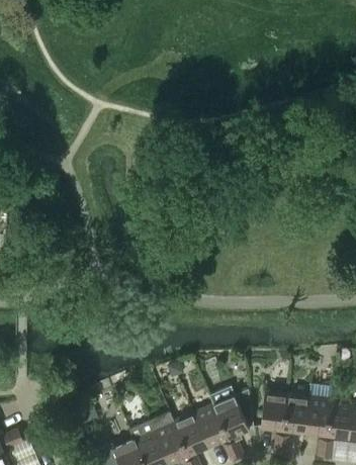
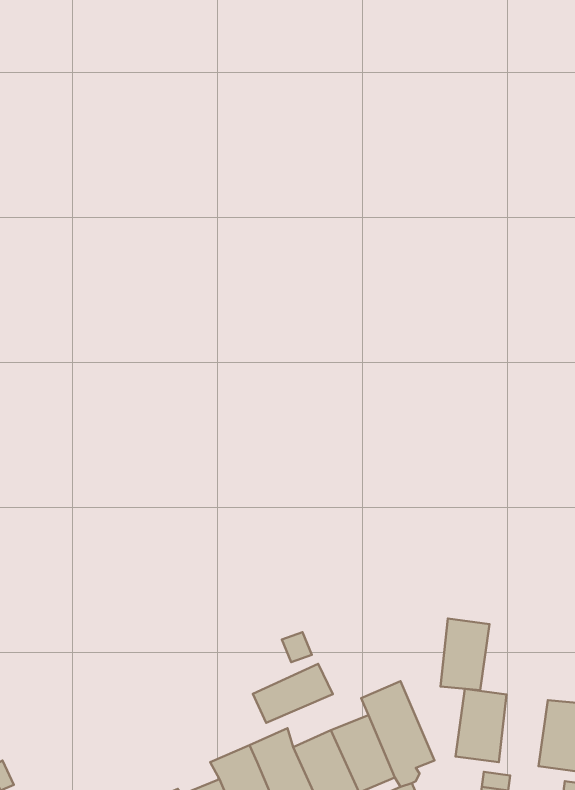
building: none -> [253,664,333,723]
building: [284,394,310,433] -> [440,618,489,690]

